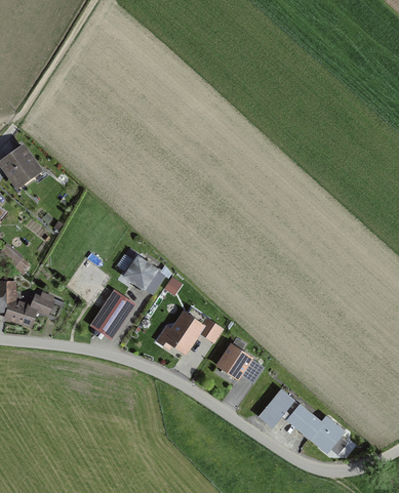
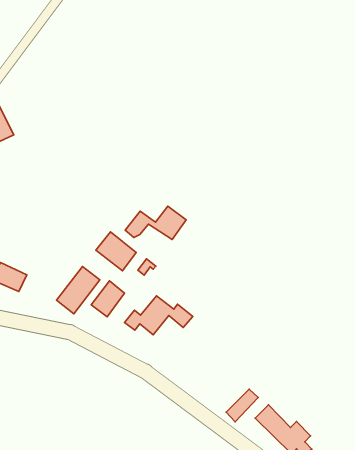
building: none -> [125,206,186,240]
building: none -> [91,281,125,317]
building: [218,345,261,379] -> none

